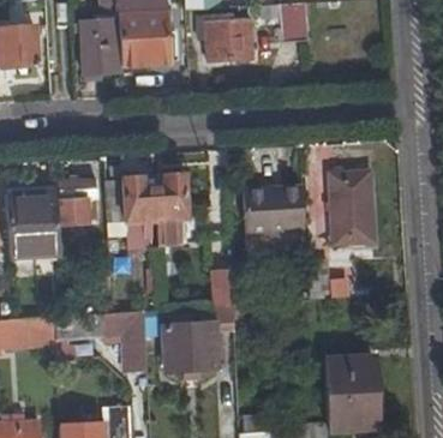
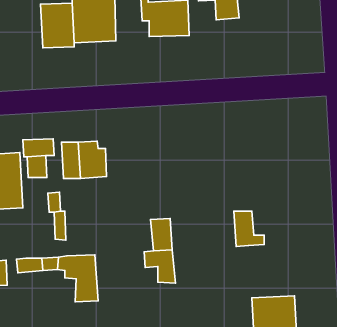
building: [328,173,371,246] -> none
building: [156,178,188,246] -> none
building: [245,190,303,236] -> none
building: [163,324,217,370] -> none

